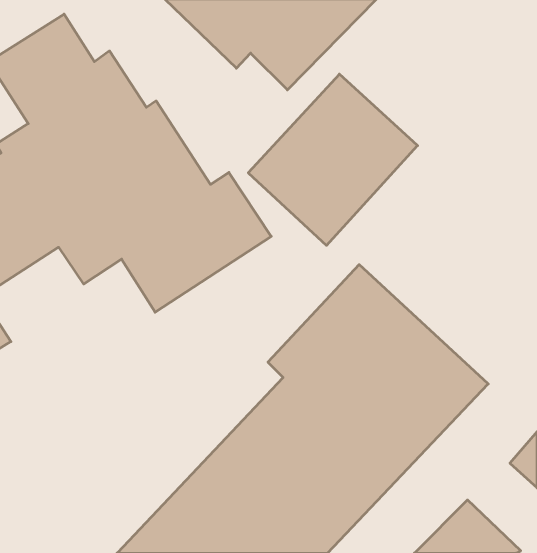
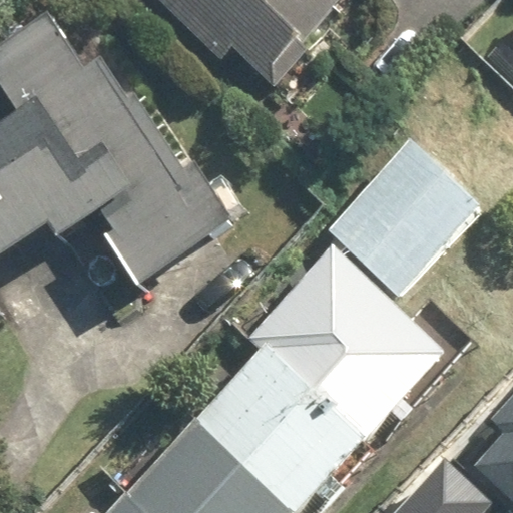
building: [248,74,418,245] -> [325,140,481,299]

